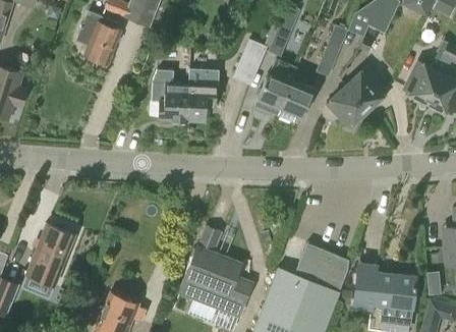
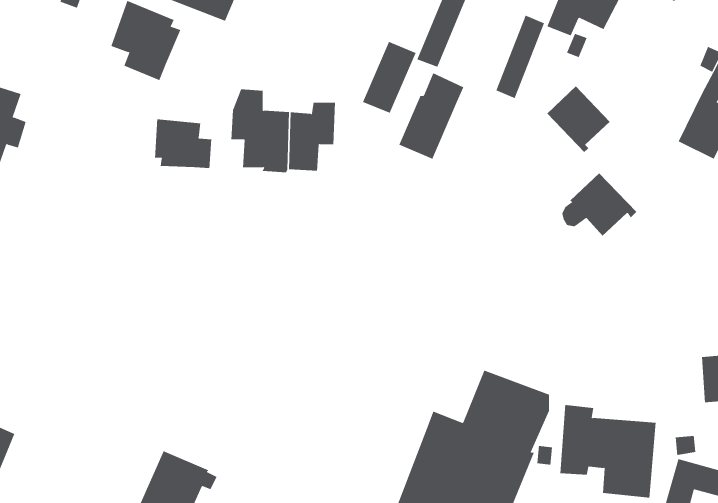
building: [406,61,444,102] -> none
building: [278,77,316,123] -> none
building: [325,85,372,124] -> [561,172,637,237]
building: none -> [155,119,212,169]
building: [26,224,74,286] -> none
building: [182,227,252,319] -> none

